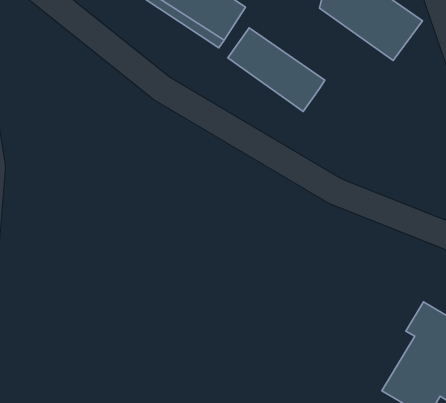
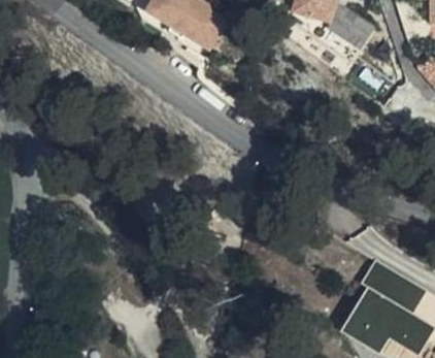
building: [228,28,325,112] -> none

